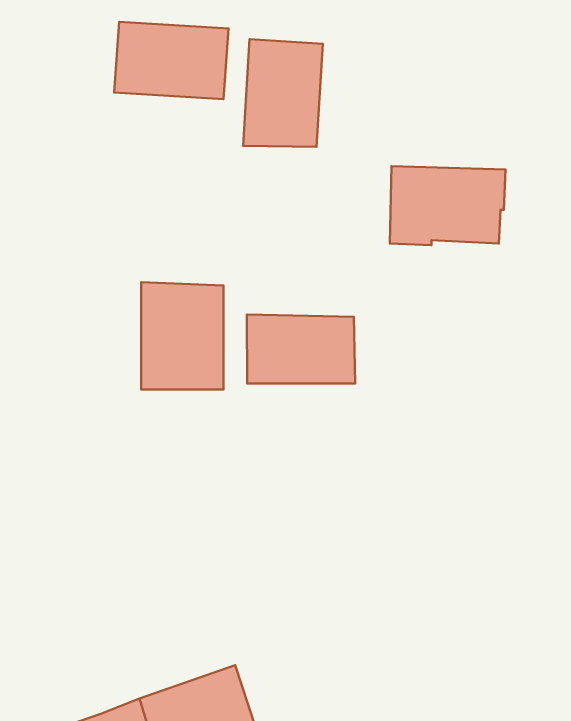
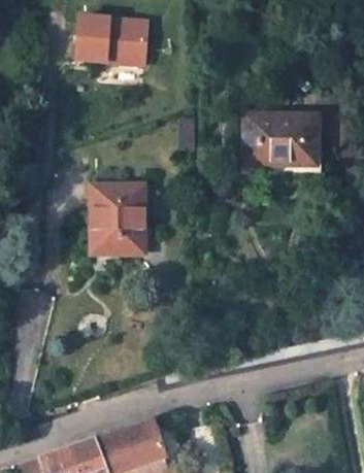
building: [243,39,323,147] -> none
building: [247,315,355,384] -> none

